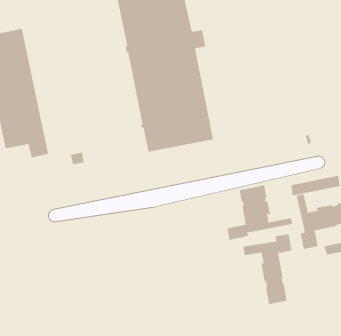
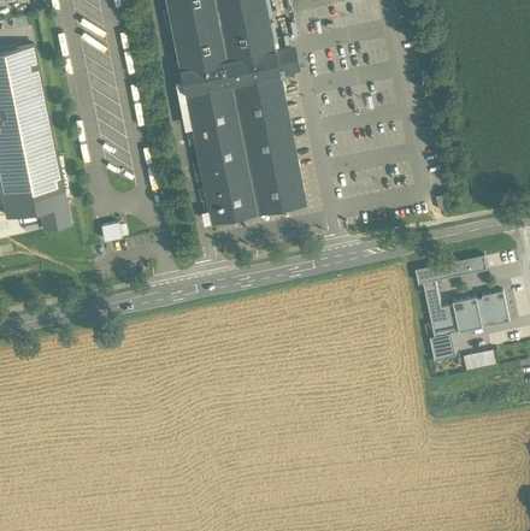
building: [227,184,293,241] -> none
building: [243,233,292,305] -> none

